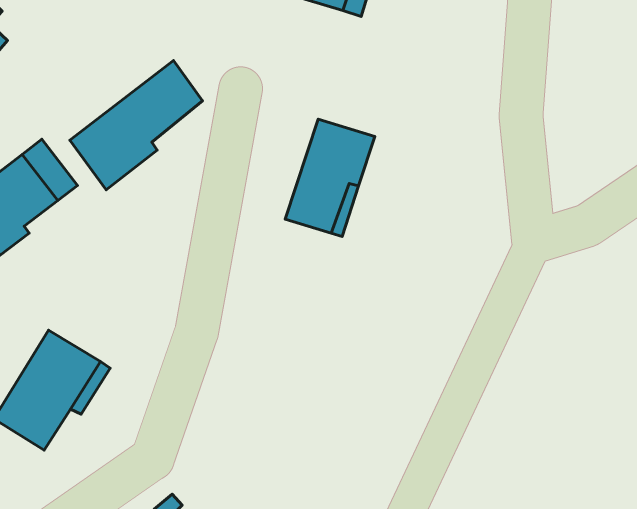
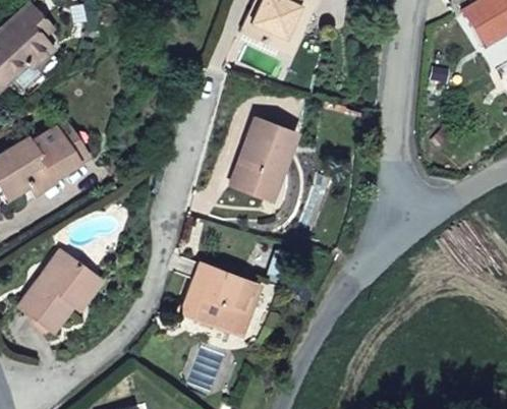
building: [70,60,202,190] -> none
building: none -> [181,264,255,332]

